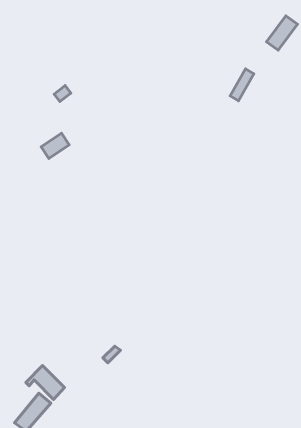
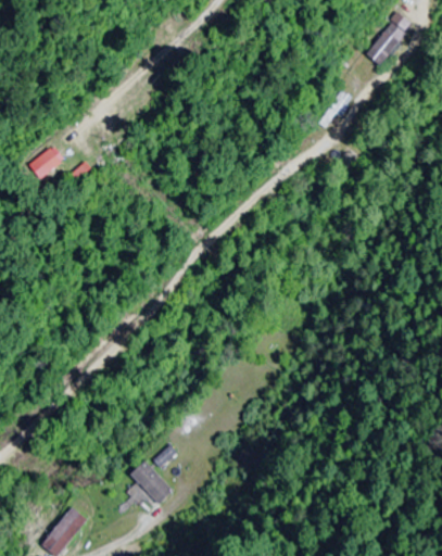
building: [41,133,69,158] -> [26,146,62,178]
building: [26,366,64,399] -> [123,462,173,505]

